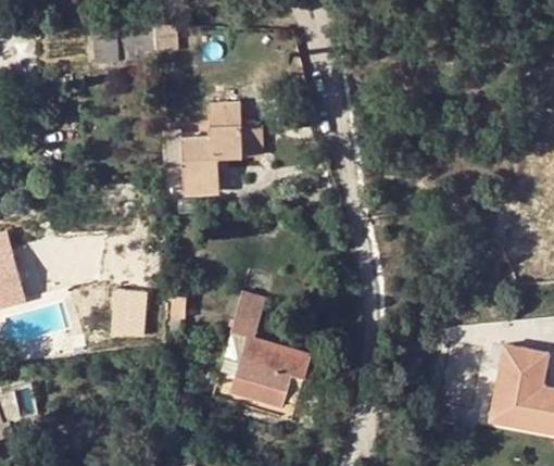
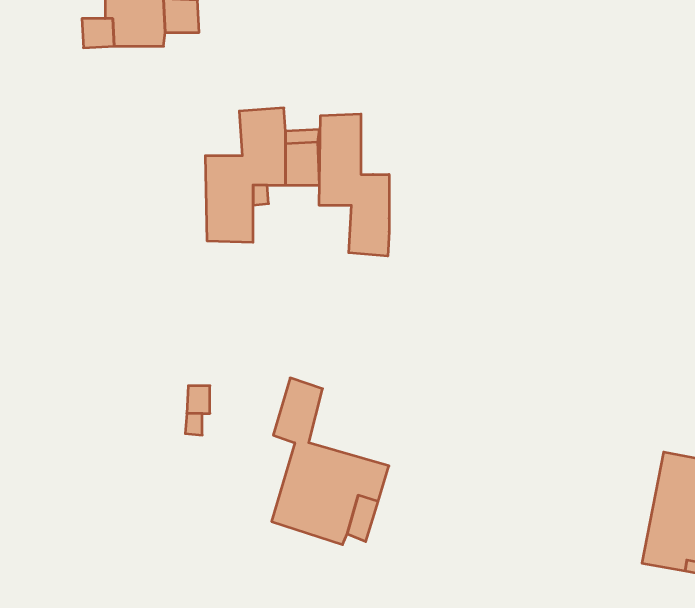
building: none -> [319,114,389,256]
building: [110,289,147,339] -> none

